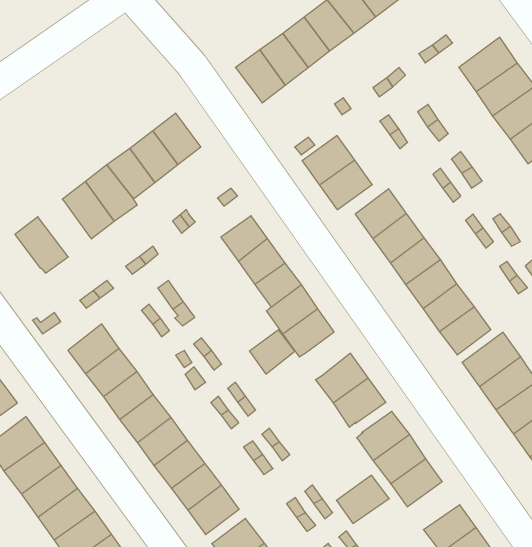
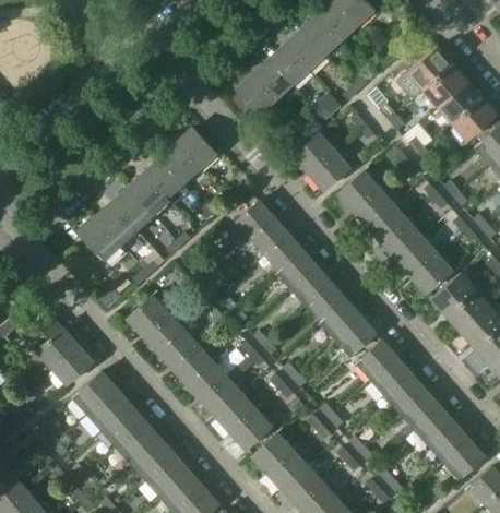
building: none -> [95,202,138,246]
building: [249,330,295,374] -> [310,284,345,319]
building: [336,475,389,523] -> [400,391,440,429]

